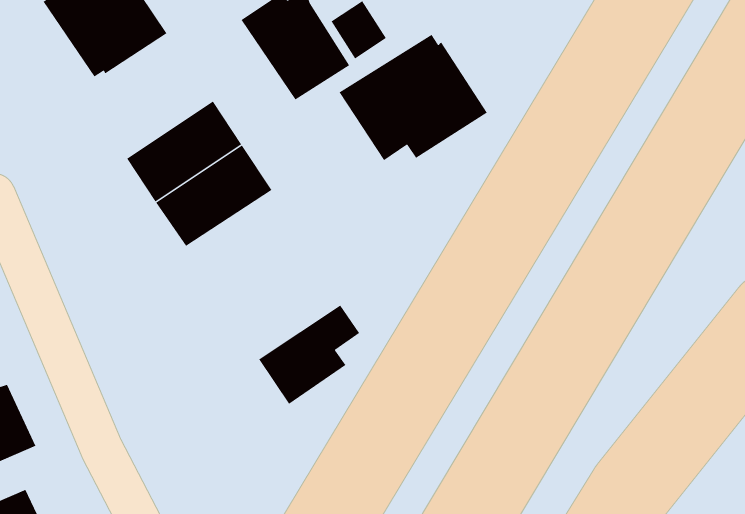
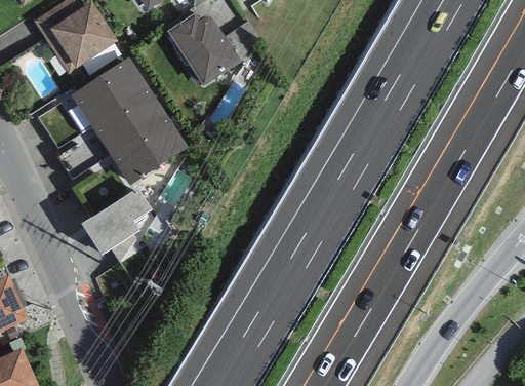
building: [338,34,488,161] -> none
building: none -> [71,56,148,124]
building: [258,304,360,405] -> [81,188,150,256]

